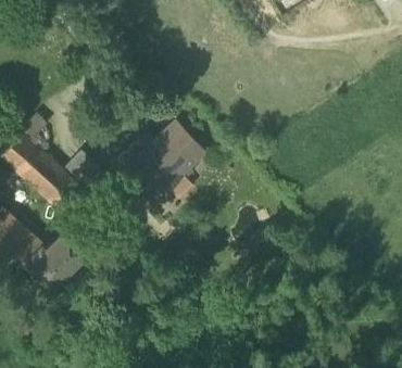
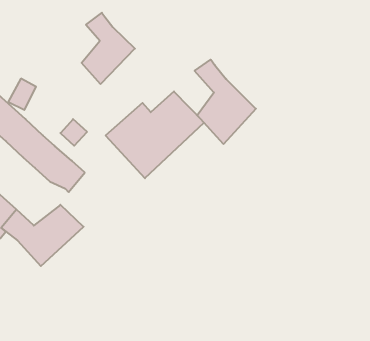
building: none -> [82,13,135,84]
building: none -> [195,60,256,144]

